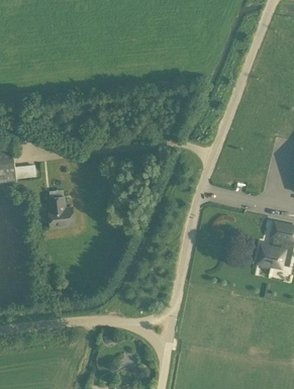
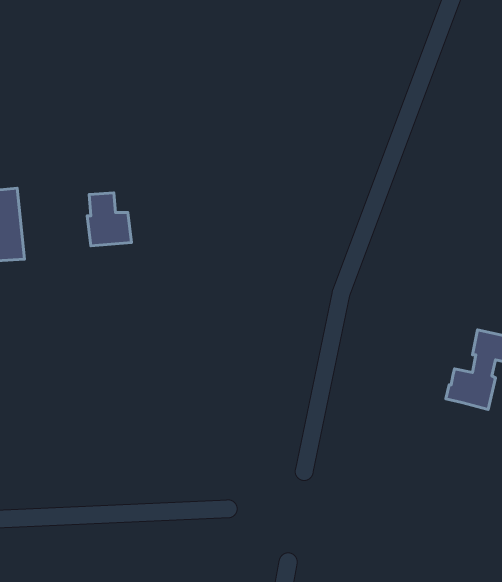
building: [48,196,74,226] -> [87,193,132,246]

